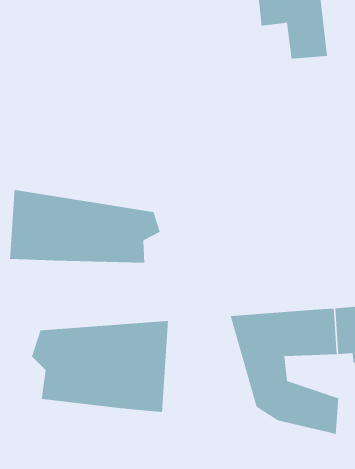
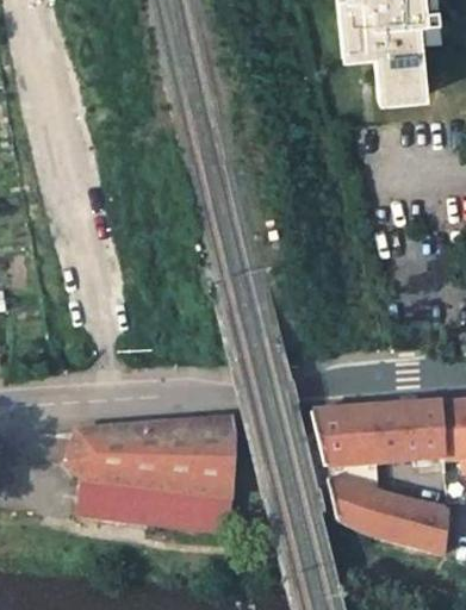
building: [10,189,160,263] -> none

